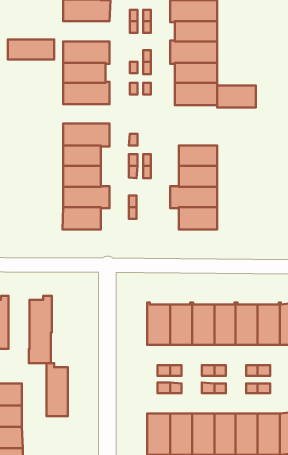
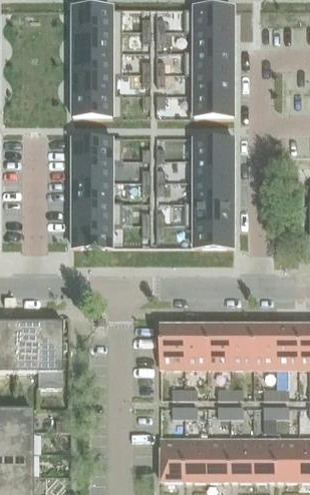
building: [8,39,54,60] -> [74,30,122,51]
building: [217,85,256,108] -> [195,136,235,159]
building: [47,363,68,416] -> [17,316,39,371]

